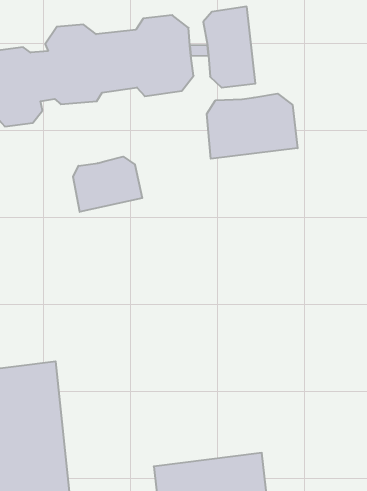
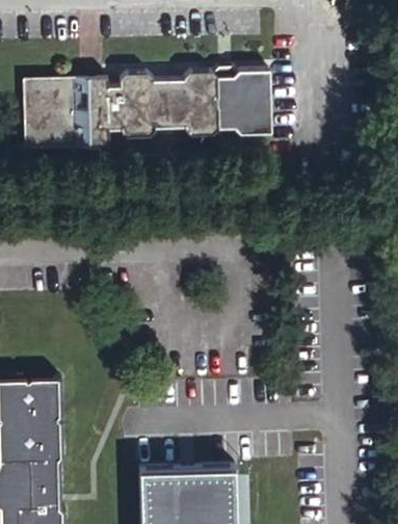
building: [207,94,298,159] -> none
building: [73,157,142,212] -> none

